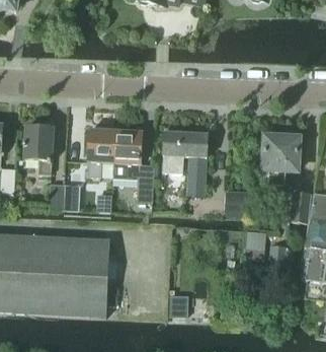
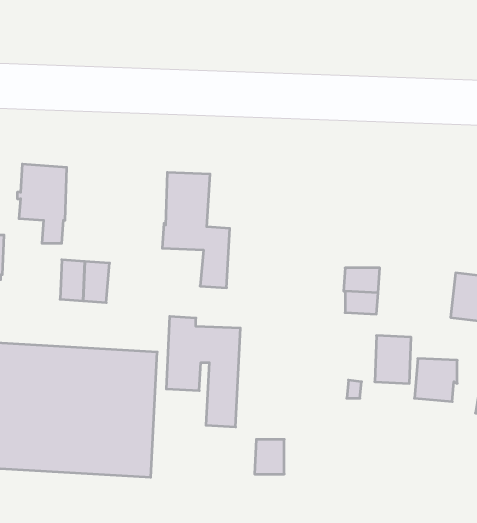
building: [162,127,208,195] -> [166,316,240,427]
building: [87,129,115,175] -> none
building: [264,132,299,184] -> none

